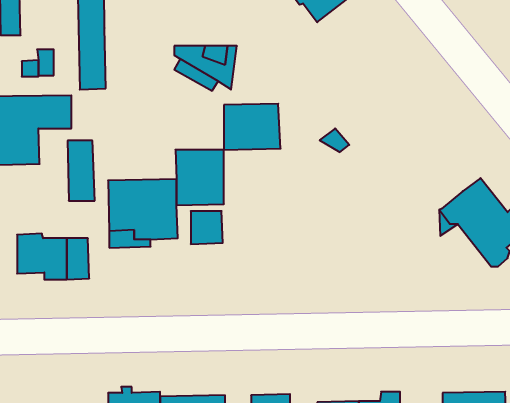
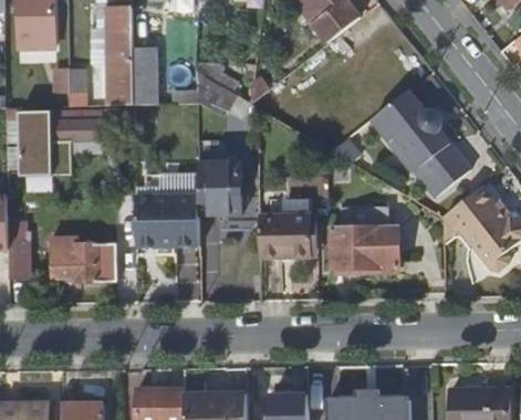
building: none -> [372,91,471,197]
building: [224,104,281,150] -> [259,214,312,258]
building: [68,141,95,201] -> [131,48,156,104]
building: none -> [330,207,399,270]

